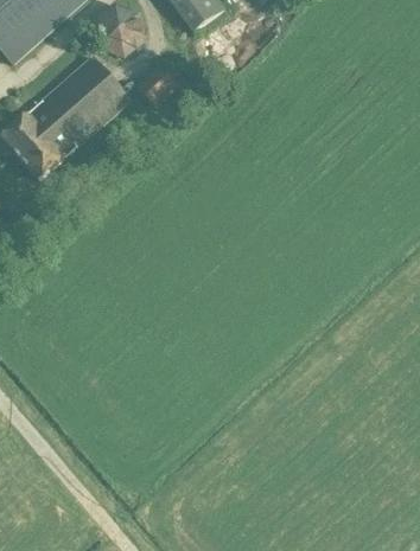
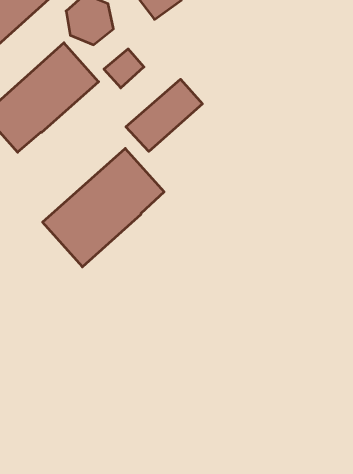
building: none -> [126,79,202,151]
building: none -> [43,148,164,267]

